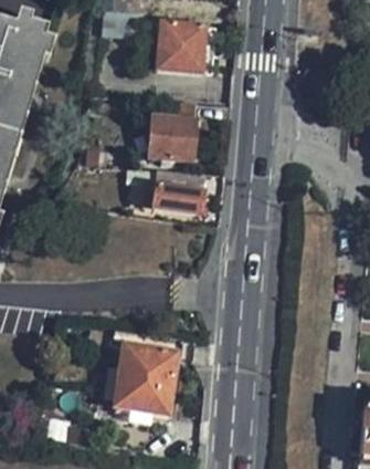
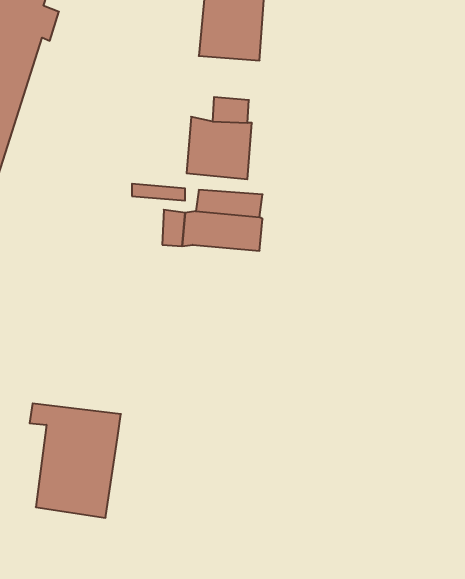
building: [112,329,178,411] -> [30,403,121,518]

